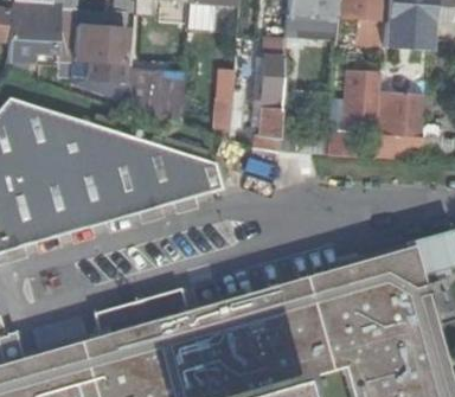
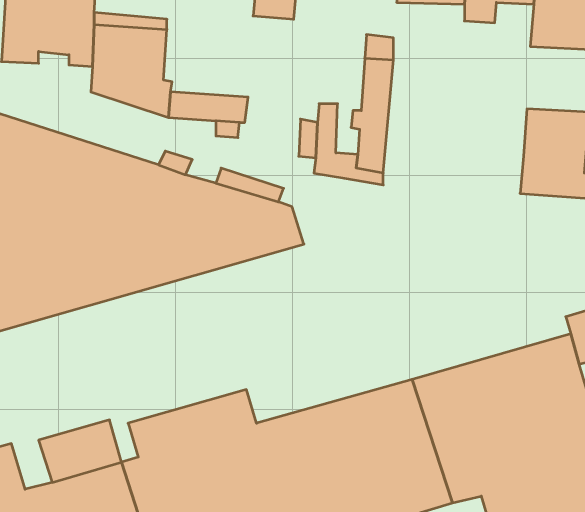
building: [345,71,380,127] -> none

